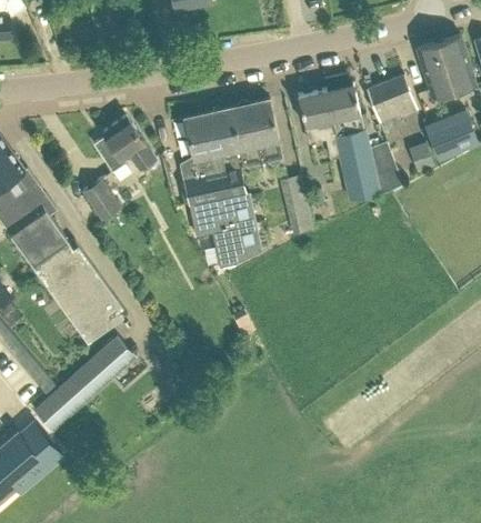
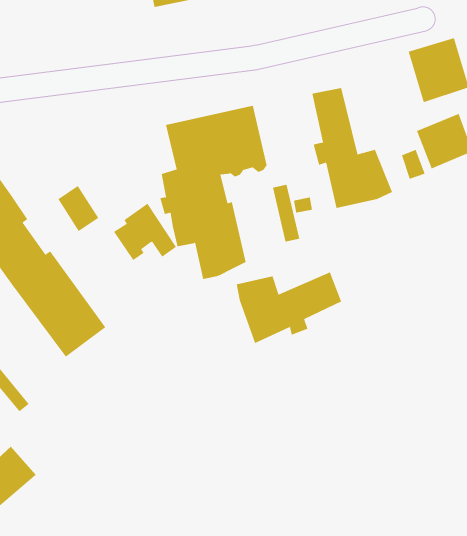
building: [365,76,417,132] -> none
building: [297,90,333,142] -> none
building: [92,117,153,172] -> [113,203,177,261]
building: none -> [236,272,342,344]
building: [33,336,136,431] -> none

